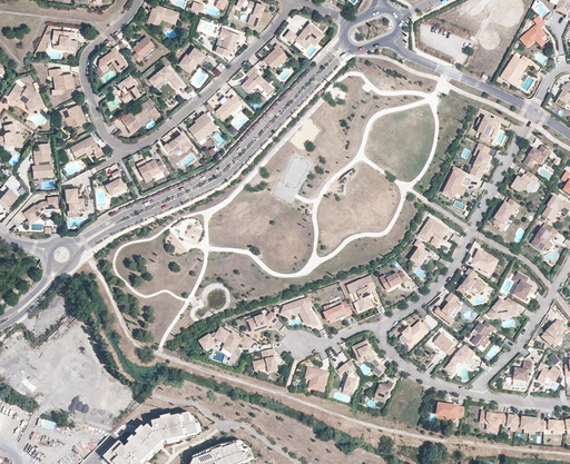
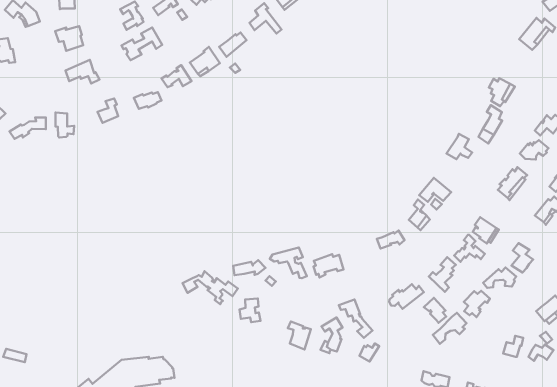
building: [30,142,50,175] -> none
building: [347,275,376,310] -> none

